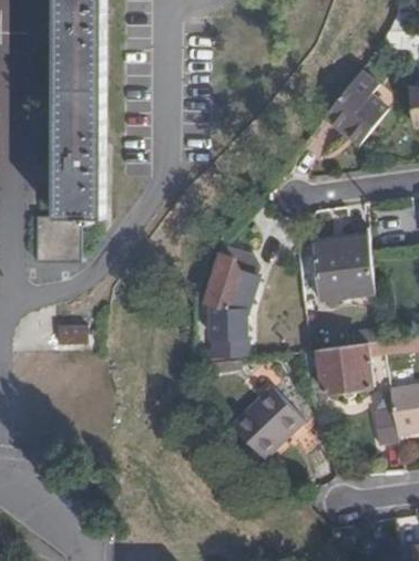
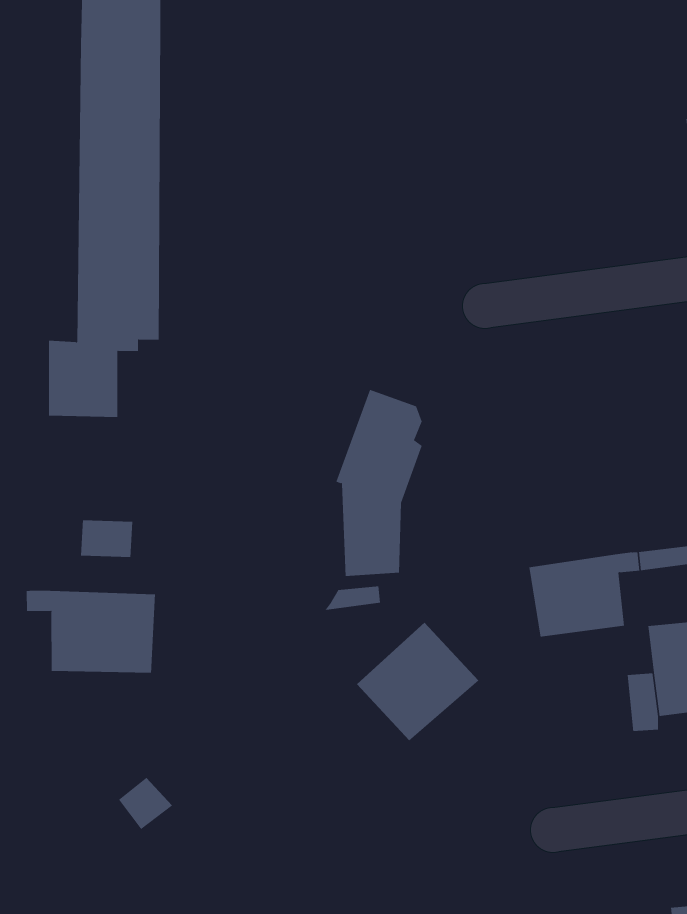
building: [328,67,389,141] -> none
building: [311,238,374,300] -> none
building: none -> [26,590,155,674]

